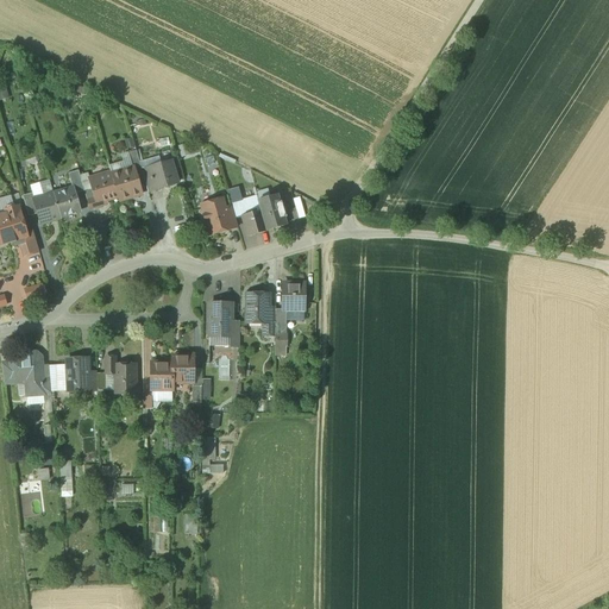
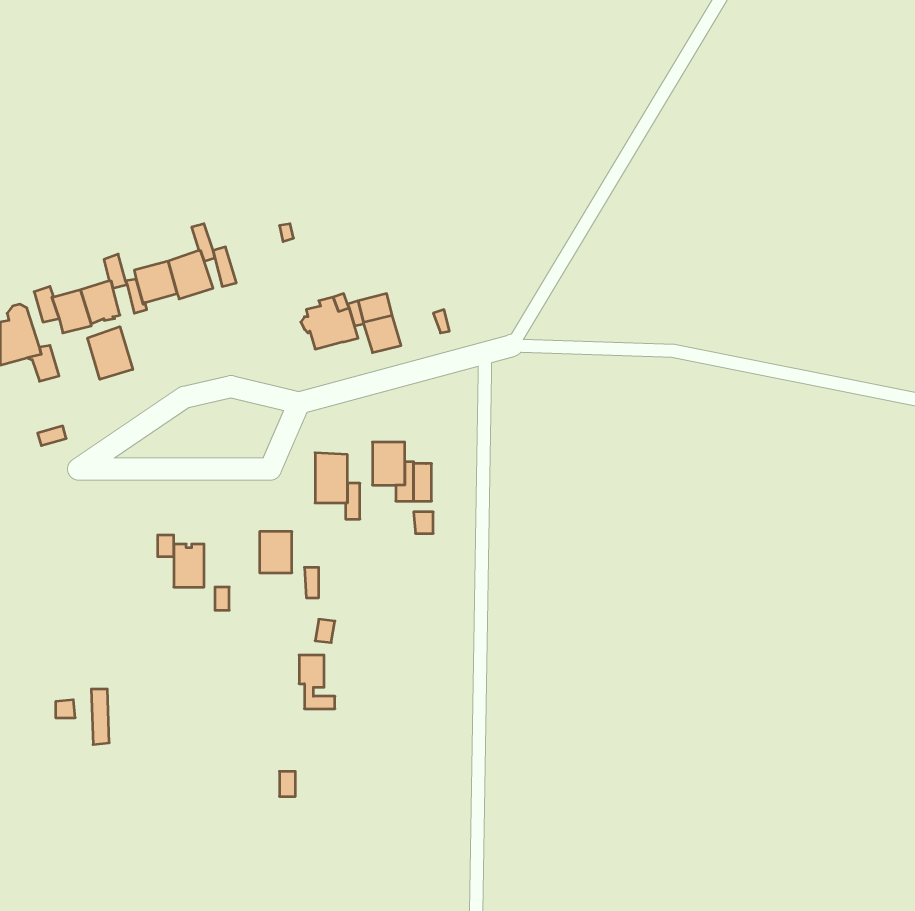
building: [150,158,177,188] -> none
building: [257,193,285,230] -> none
building: none -> [88,327,133,379]
building: [283,282,304,308] -> none
building: [10,352,44,394] -> none
building: [67,356,89,391] -> none
building: [151,360,172,388] -> none

